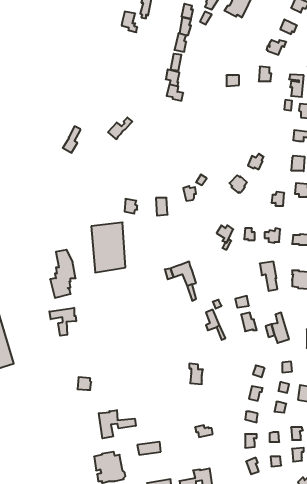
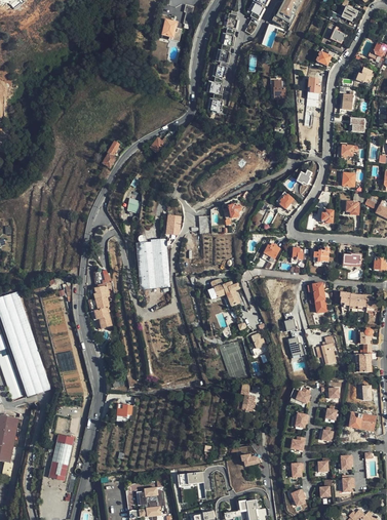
building: [49,308,76,336] -> none
building: none -> [49,433,74,480]
building: [99,410,136,438] -> none

